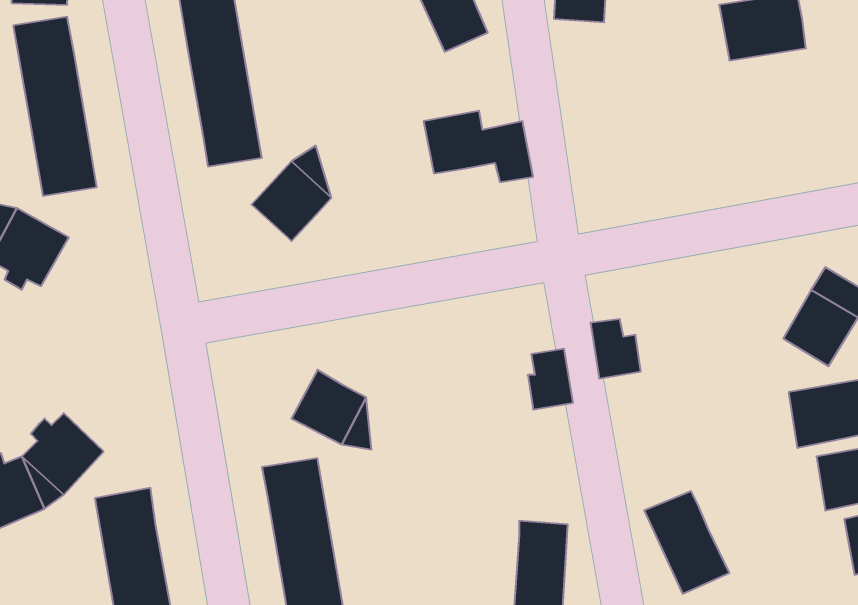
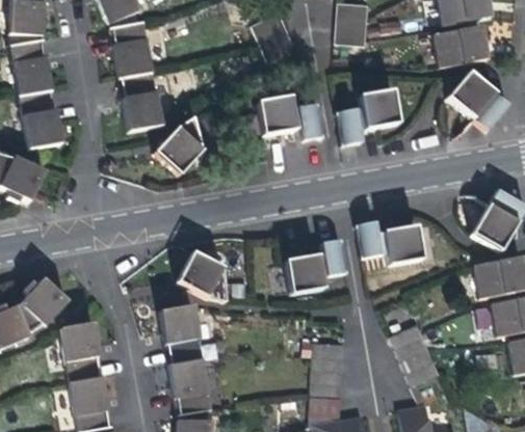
building: none -> [447,72,506,129]
building: none -> [336,90,396,144]
building: none -> [384,225,420,263]
building: none -> [285,254,324,293]

